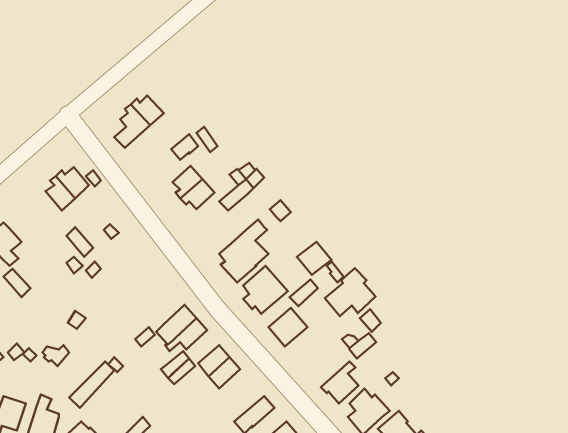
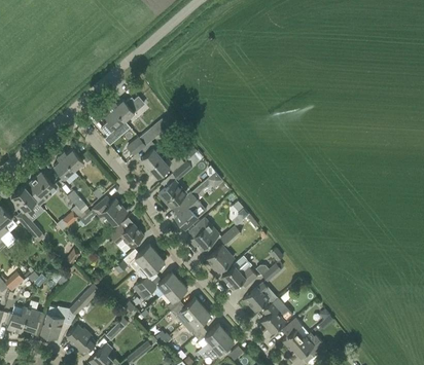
building: none -> [28,172,54,206]
building: none -> [157,180,186,208]
building: none -> [93,196,127,223]
building: [325,268,376,316] -> [221,256,256,289]
building: none -> [108,222,143,247]
building: none -> [171,297,203,324]

